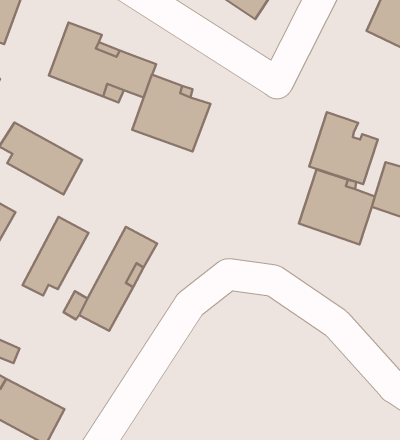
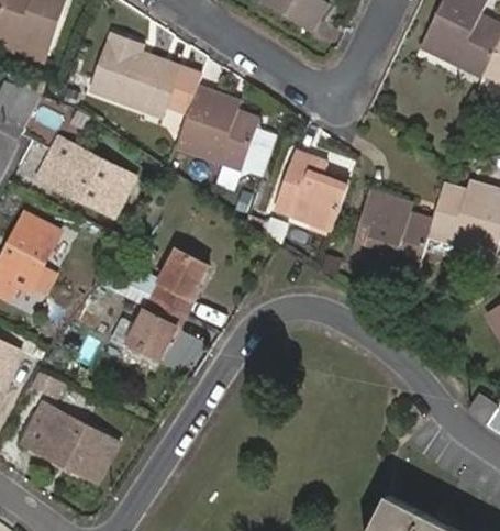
building: [309,112,378,184] -> [279,154,352,230]
building: [22,217,88,296] -> none

